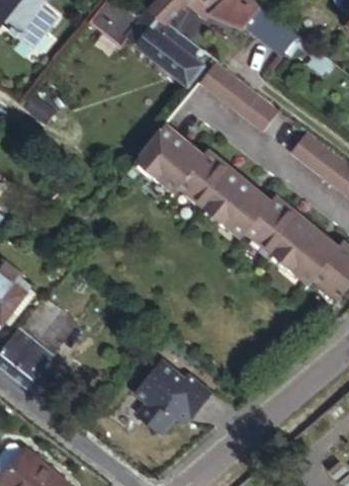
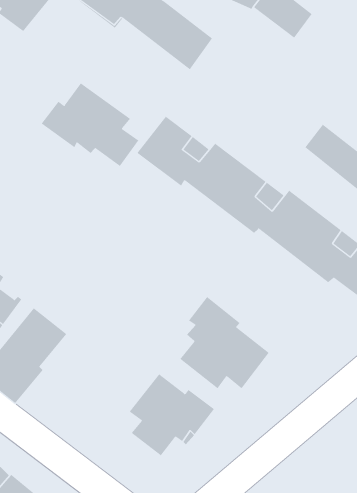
building: [195,61,277,133] -> none
building: none -> [41,82,139,167]
building: none -> [179,296,270,389]

